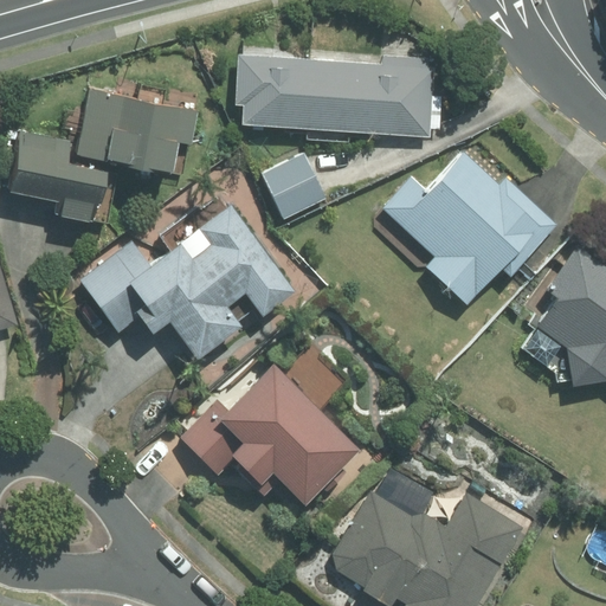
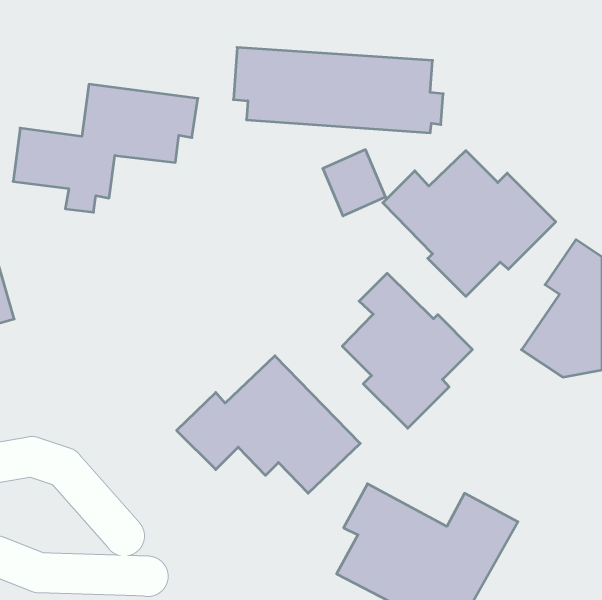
building: [263,153,325,219] -> [323,150,386,216]
building: [80,207,295,357] -> none
building: none -> [342,273,472,428]

